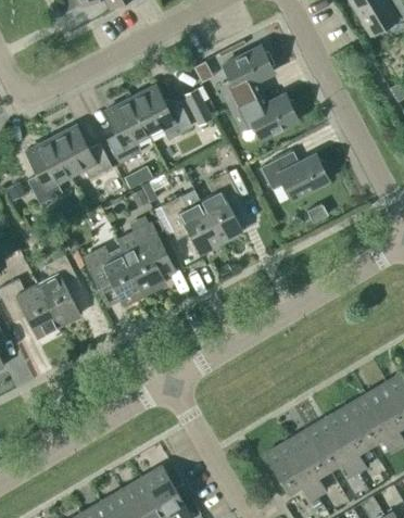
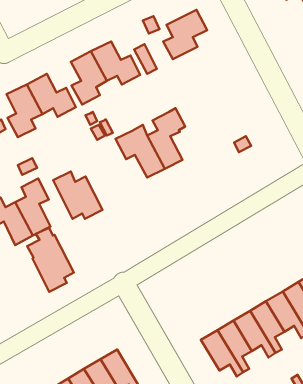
building: [230,92,296,138] -> none
building: [260,151,327,199] -> none
building: [116,215,174,294] -> [27,228,74,292]

